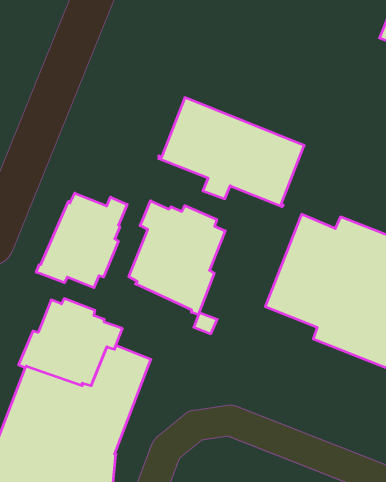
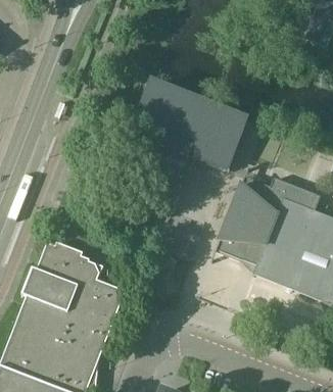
building: [36,193,127,288] -> none
building: [129,201,225,315] -> none

